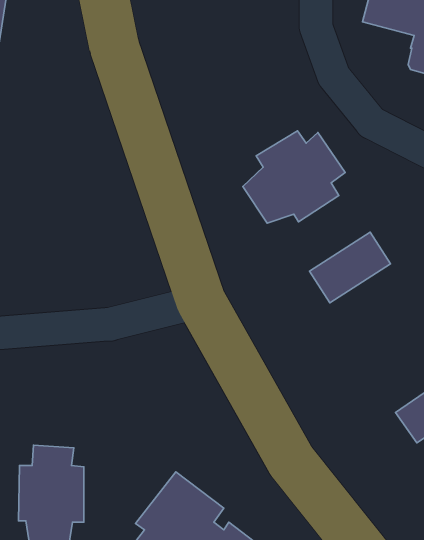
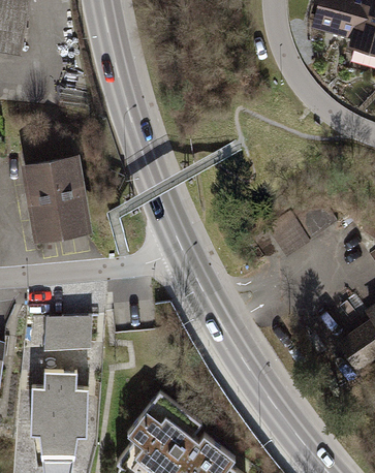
building: [243,131,345,223] -> none
building: none -> [27,156,90,234]
building: none -> [46,312,93,346]

